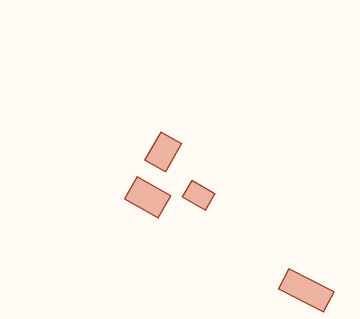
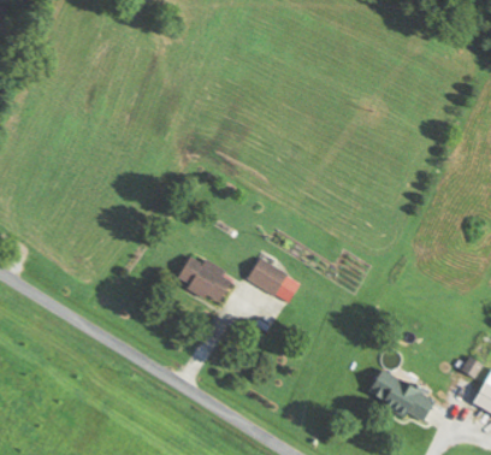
building: [145,132,182,172] -> none

